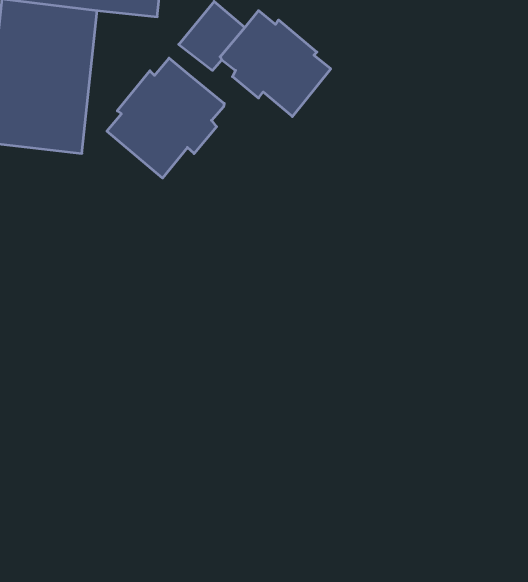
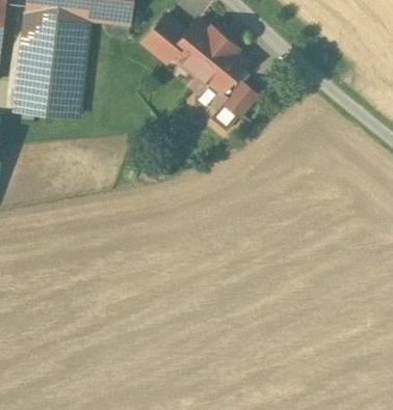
building: [107,58,224,178] -> none
building: none -> [222,80,256,113]

